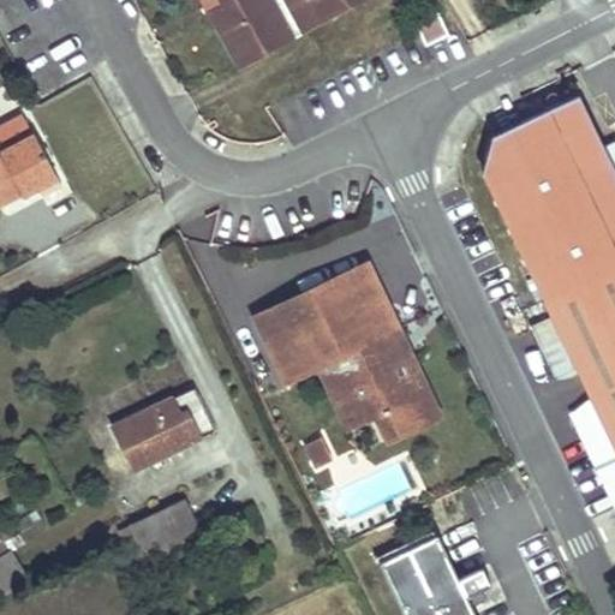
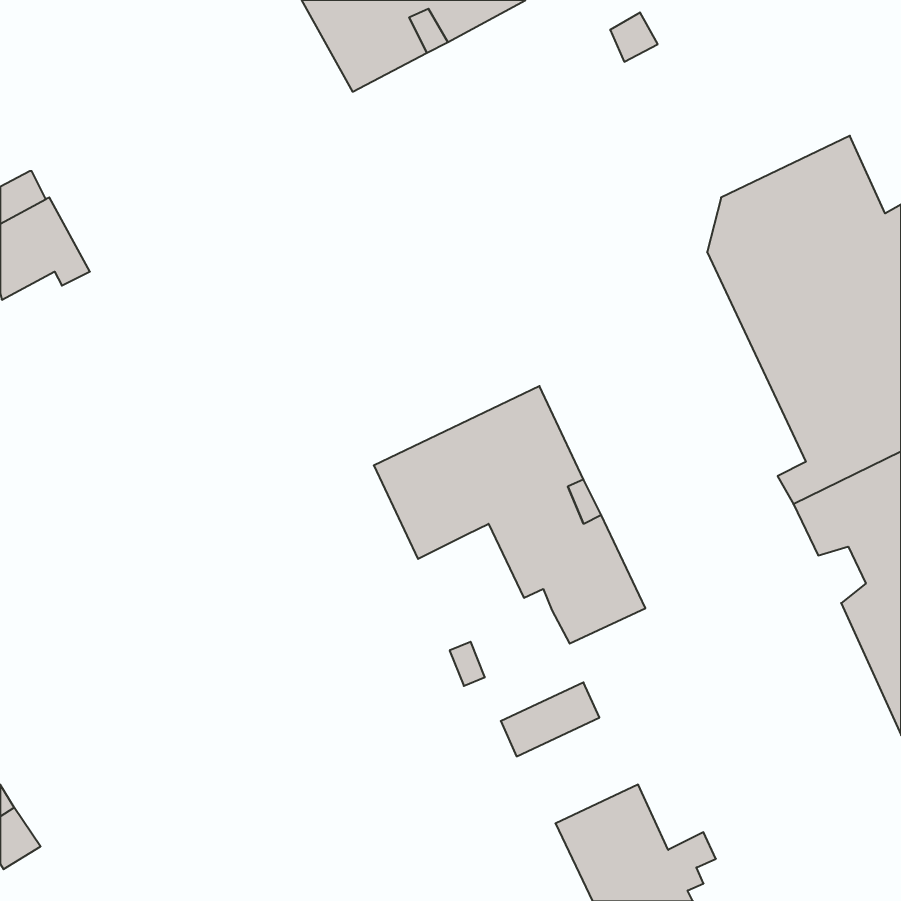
building: [318,357,376,430] -> none
building: [113,387,214,467] -> none
building: [123,497,205,573] -> none

